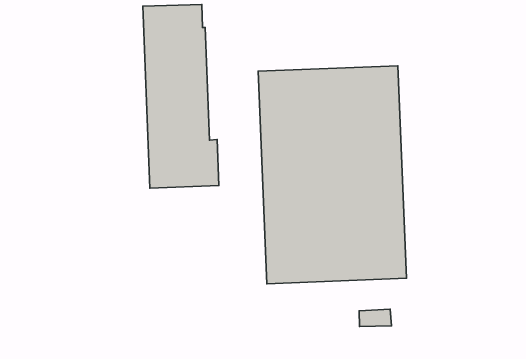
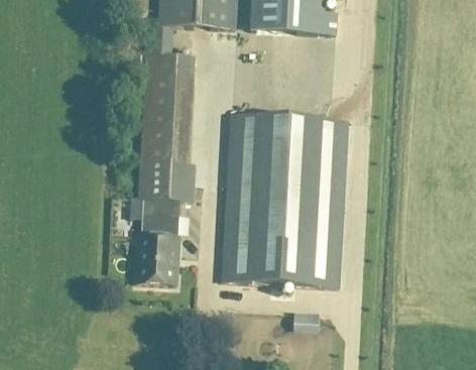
building: none -> [135,213,178,283]

